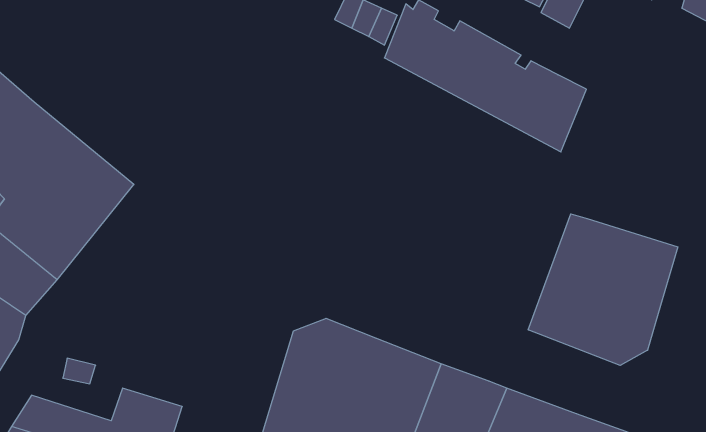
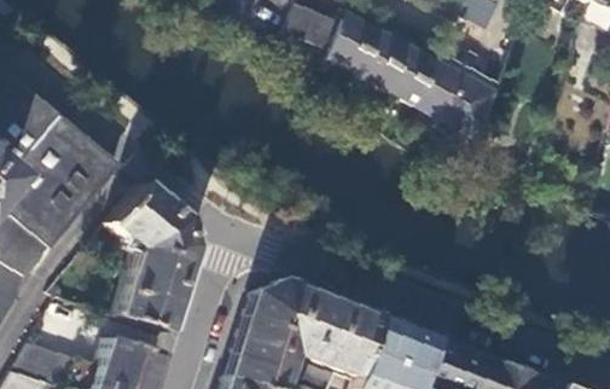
building: none -> [105,182,191,331]
building: [528,214,678,365] -> none

